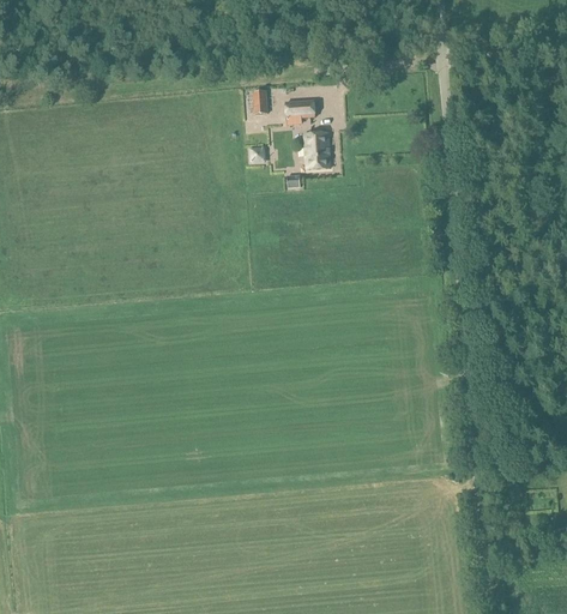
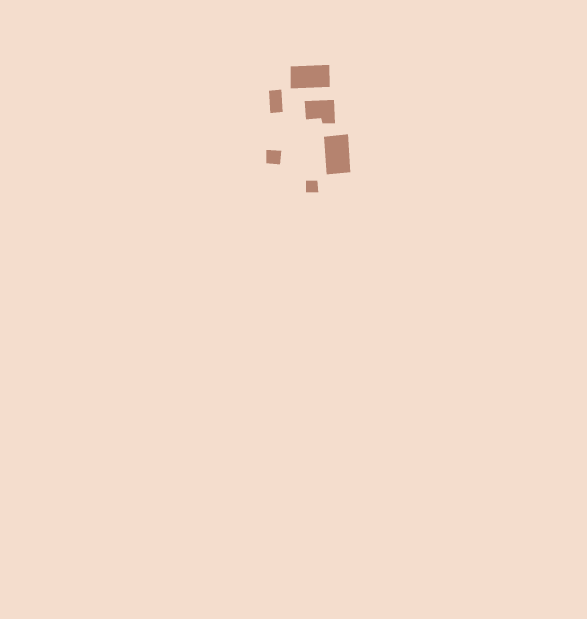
building: none -> [290,64,330,89]

